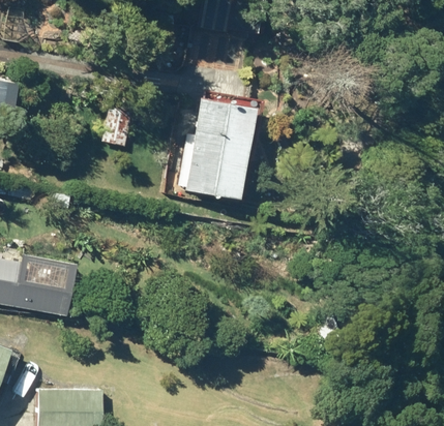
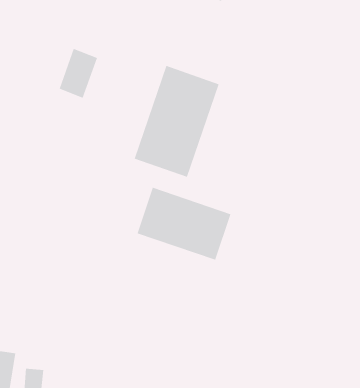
building: none -> [137,187,231,261]

